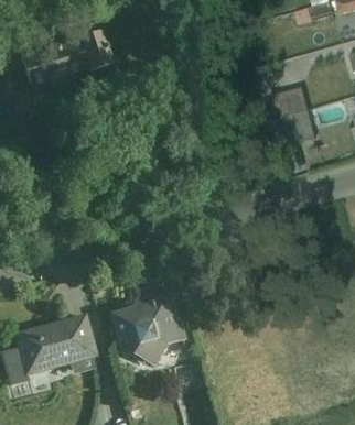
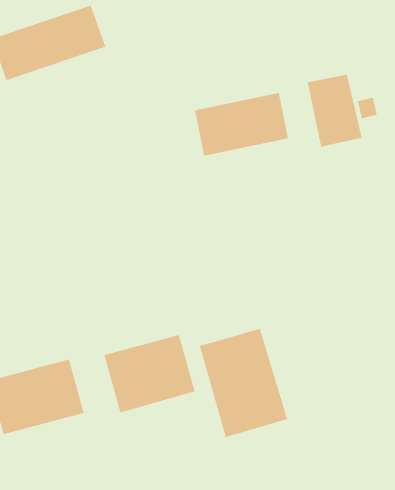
building: none -> [195,92,289,157]
building: none -> [199,328,288,438]

